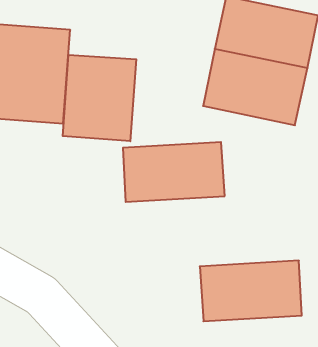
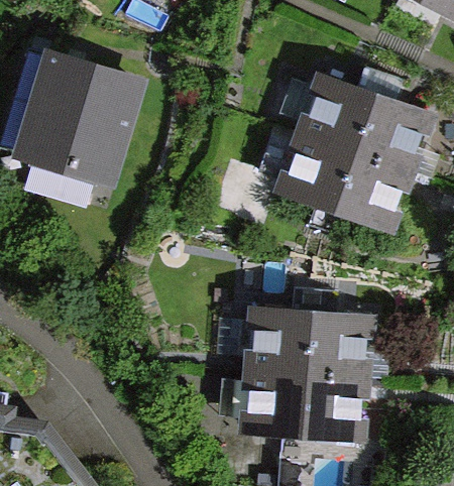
building: [63,55,136,141] -> none
building: [123,142,225,202] -> [244,306,358,375]

